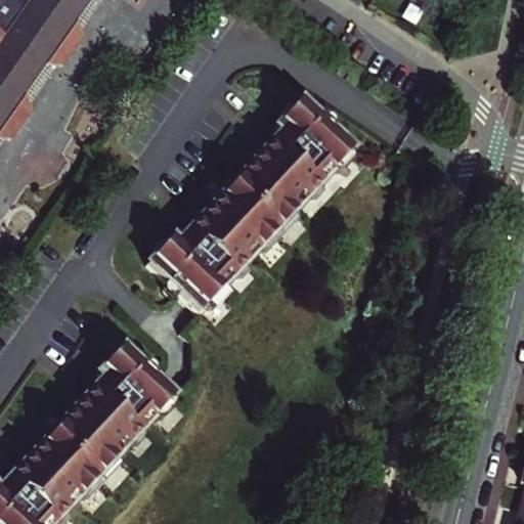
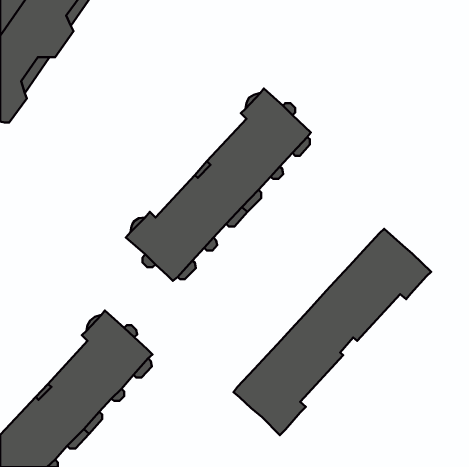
building: none -> [234,229,431,435]

